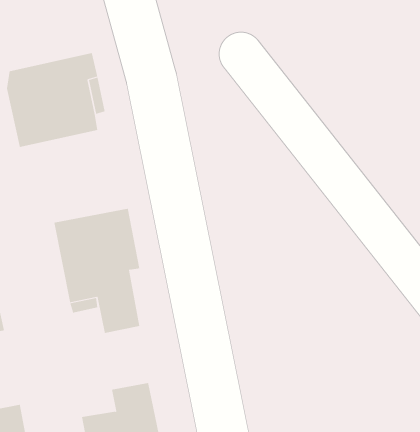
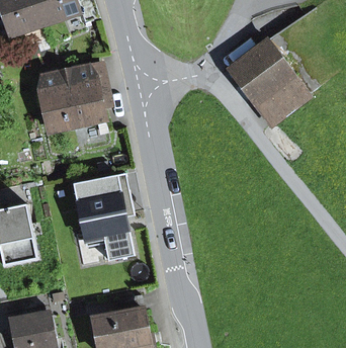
building: none -> [229,38,309,122]

